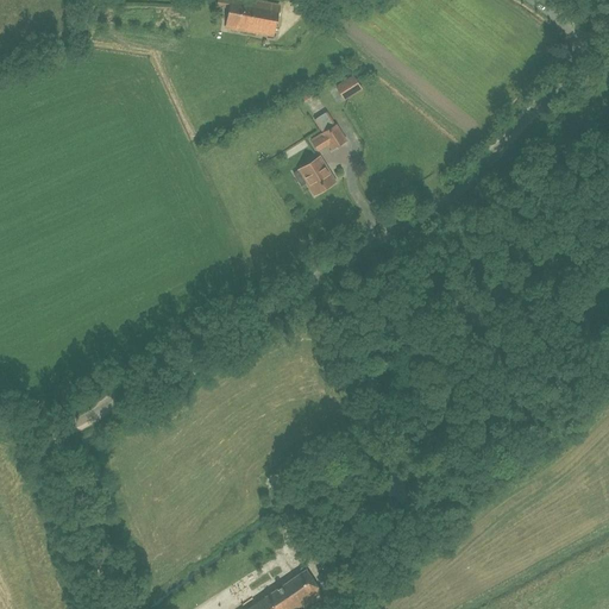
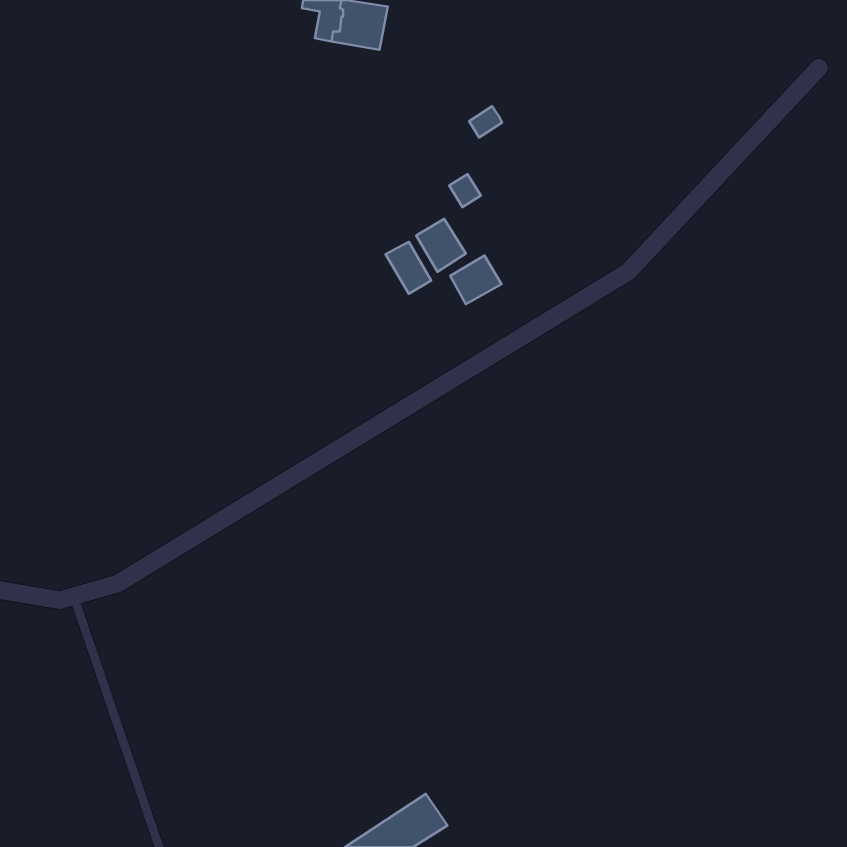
building: none -> [385,242,431,294]
building: none -> [450,255,502,304]

